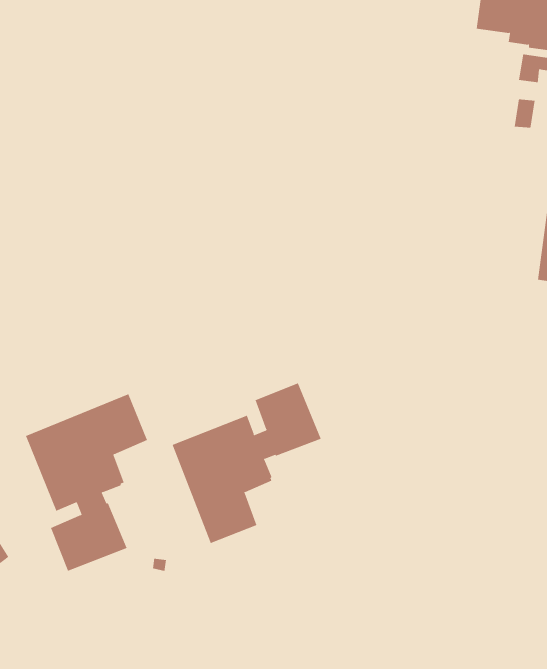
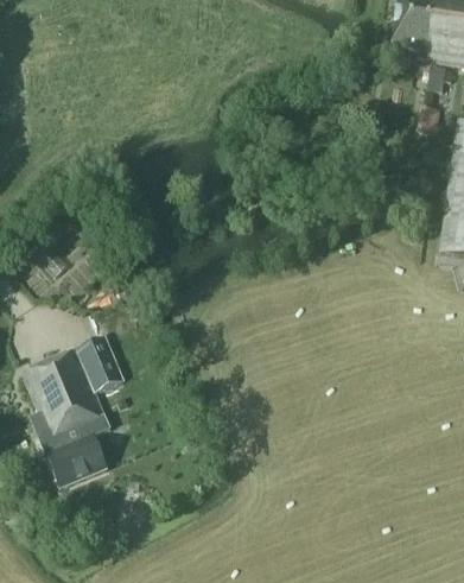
building: [172,383,321,544] -> none

